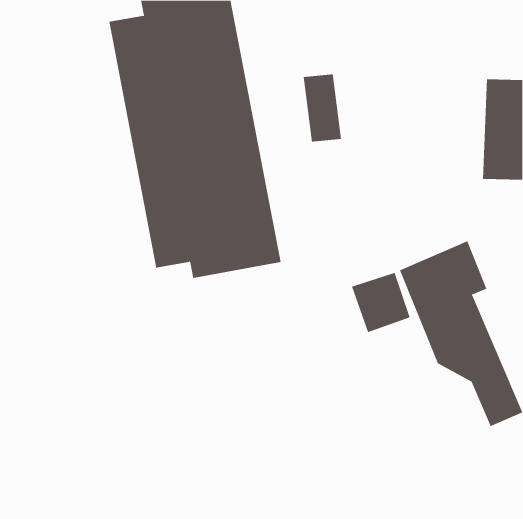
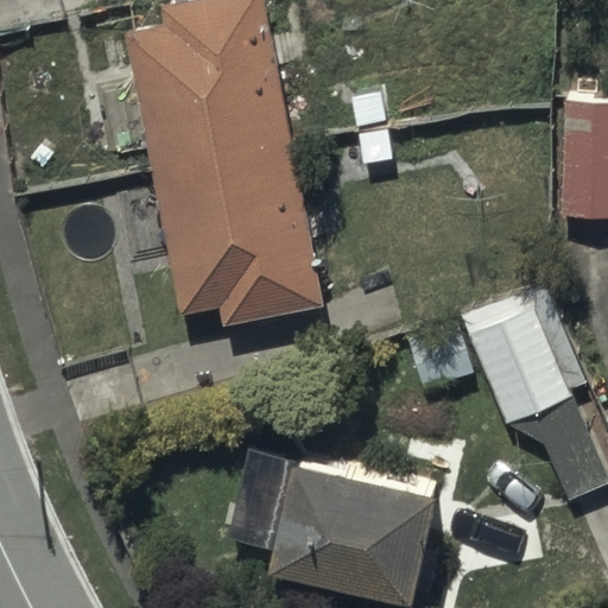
building: none -> [266,451,439,598]

